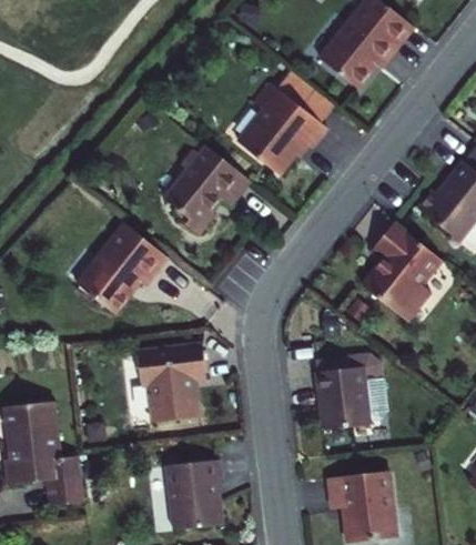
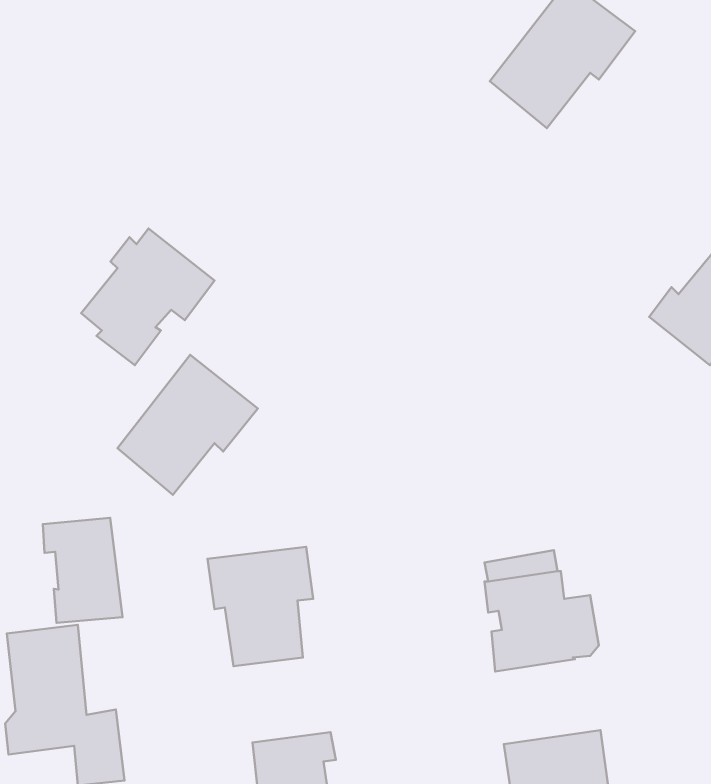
building: [237,68,334,171] -> none
building: [165,143,251,231] -> [81,229,214,365]
building: [365,216,445,311] -> none
building: none -> [43,518,122,623]

